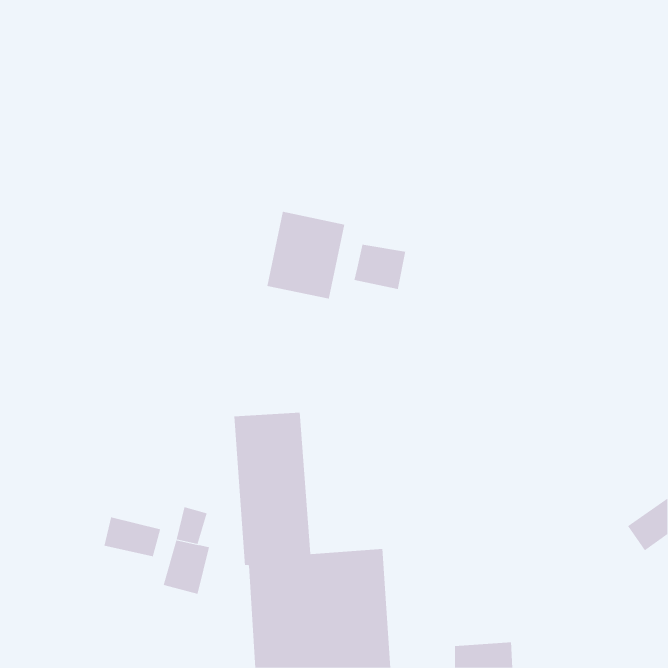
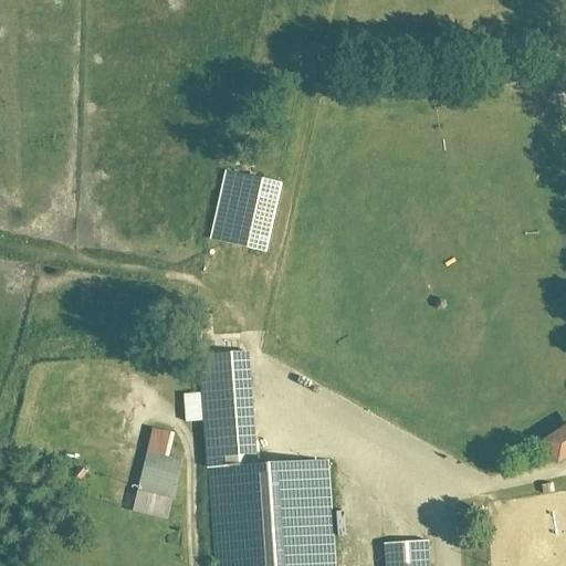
building: [354,244,406,290] -> none
building: [104,516,161,557] -> none

